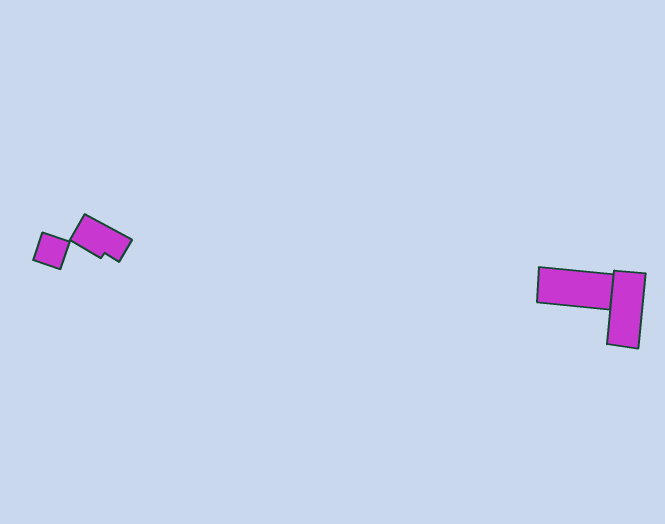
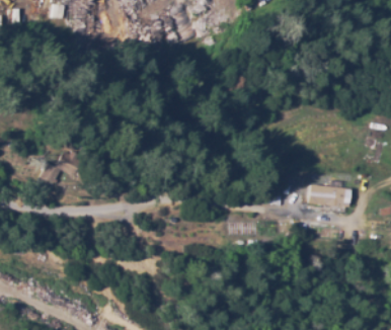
building: [607,270,646,349] -> none

